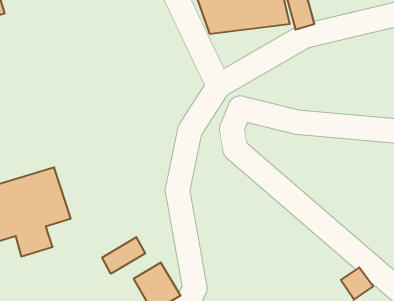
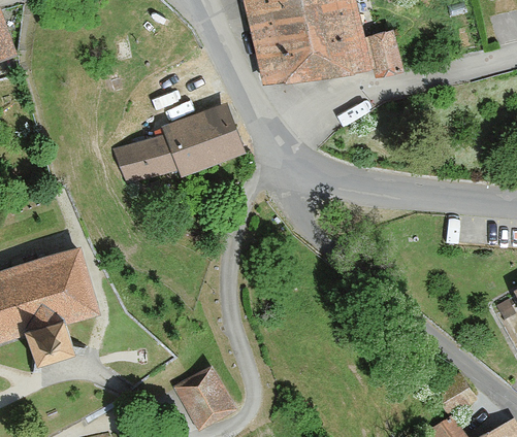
building: none -> [116,104,244,183]
building: [102,237,145,274] -> none

